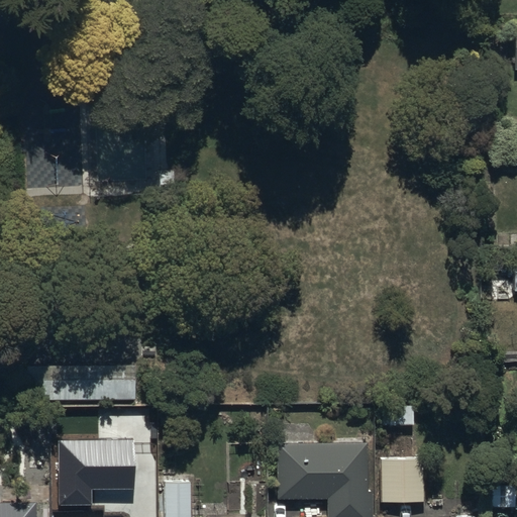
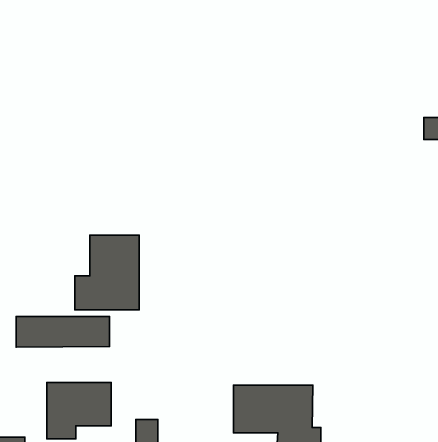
building: none -> [75,235,139,310]
building: [382,458,424,503] -> none

